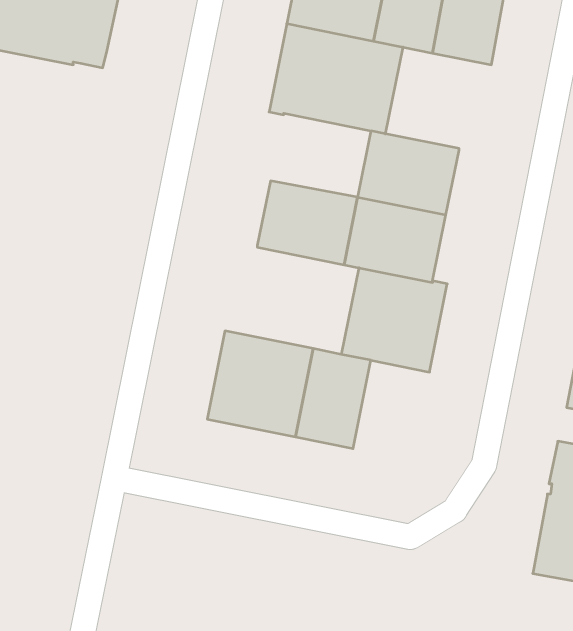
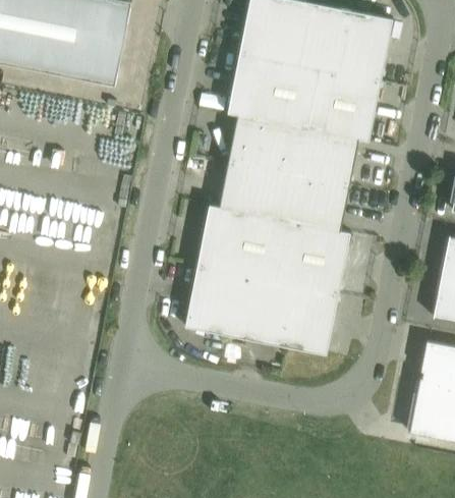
building: none -> [308,68,382,141]
building: none -> [229,114,298,172]
building: none -> [197,205,290,281]
building: none -> [286,285,339,354]

